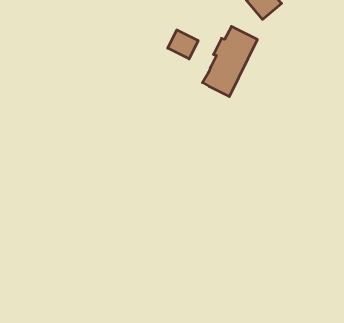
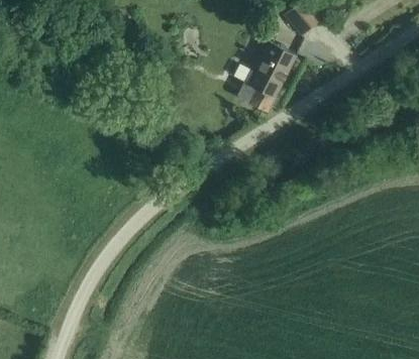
building: [168,30,198,59] -> none

